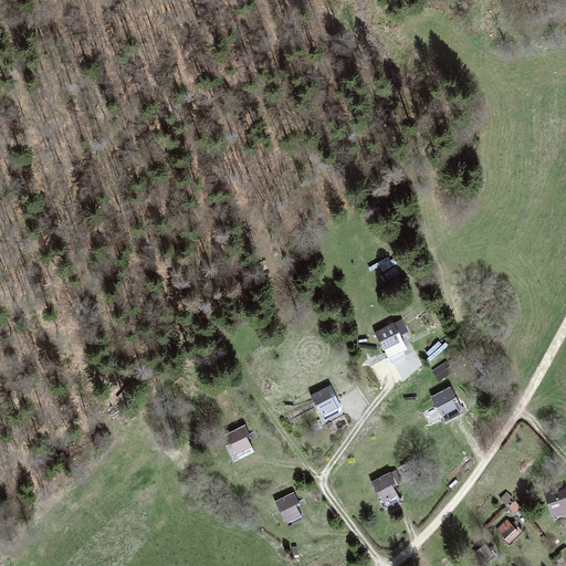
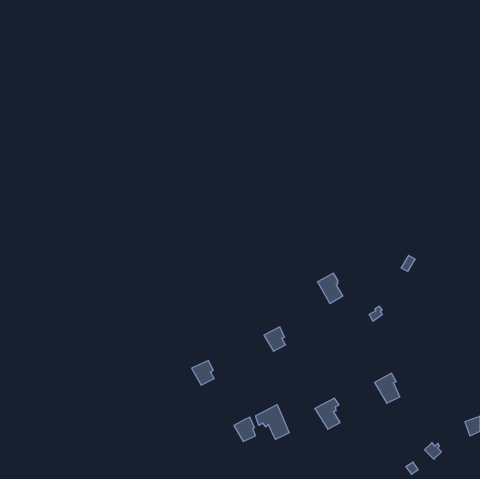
building: [430,387,460,422] -> [375,373,400,403]
building: none -> [255,405,289,440]

